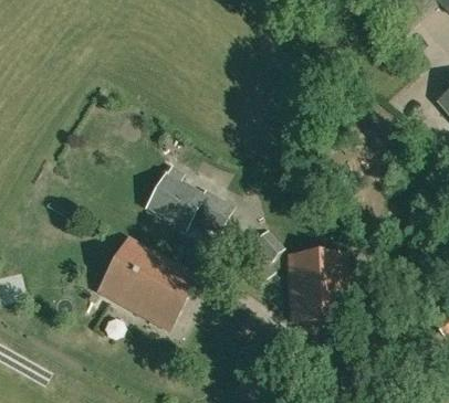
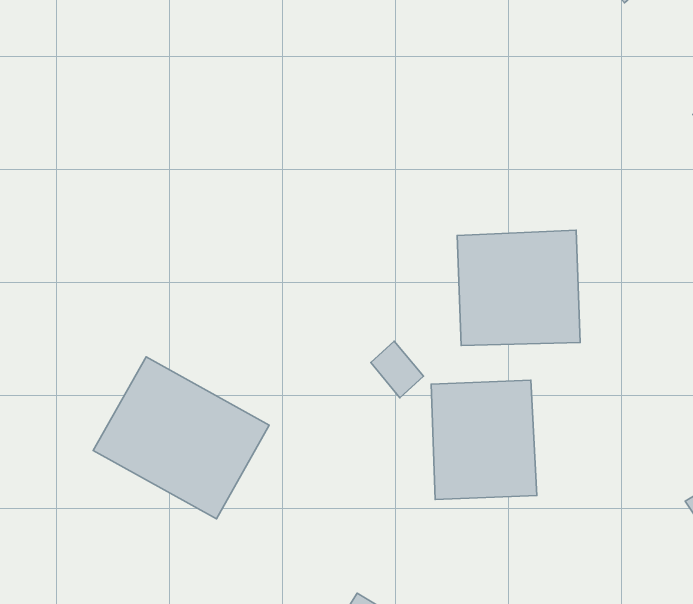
building: none -> [457,230,580,345]
building: [146,167,231,230] -> none

